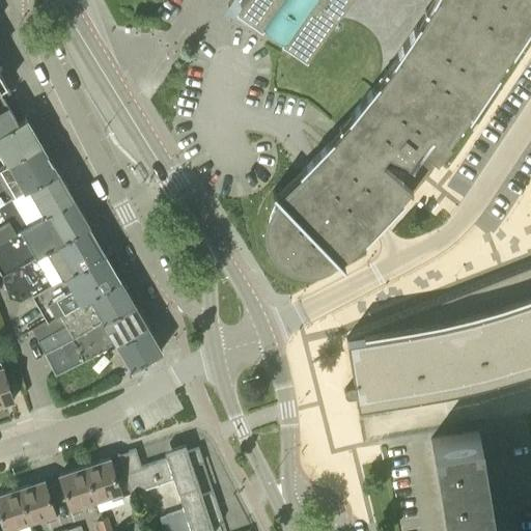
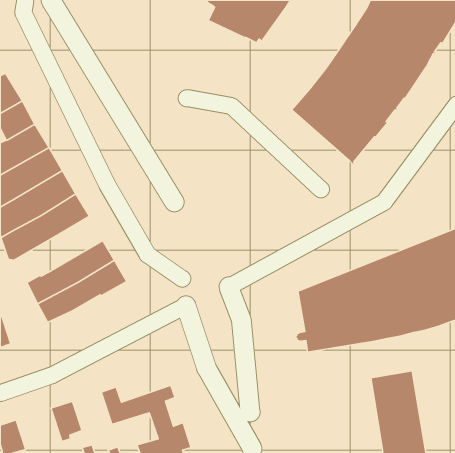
building: [270,137,408,272] -> none
building: [33,255,121,325] -> none
building: [118,331,163,372] -> none
building: [86,462,124,504] -> none
building: [21,483,58,526] -> none

